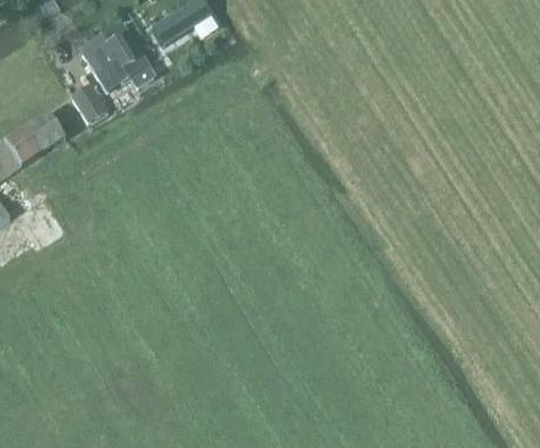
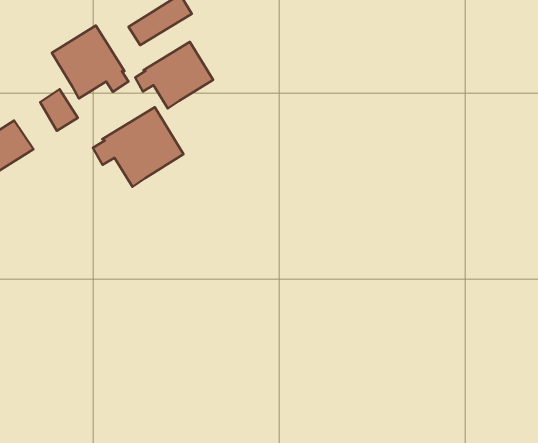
building: none -> [135,42,213,109]
building: none -> [93,107,184,187]

